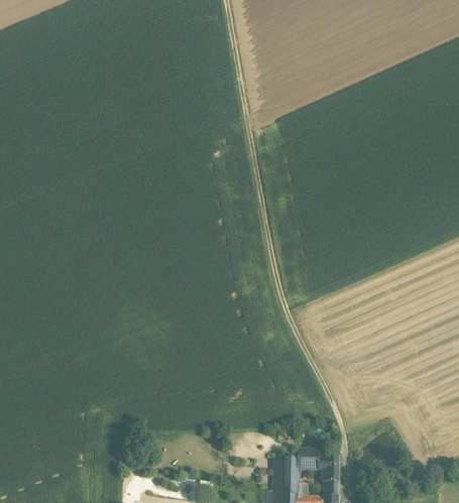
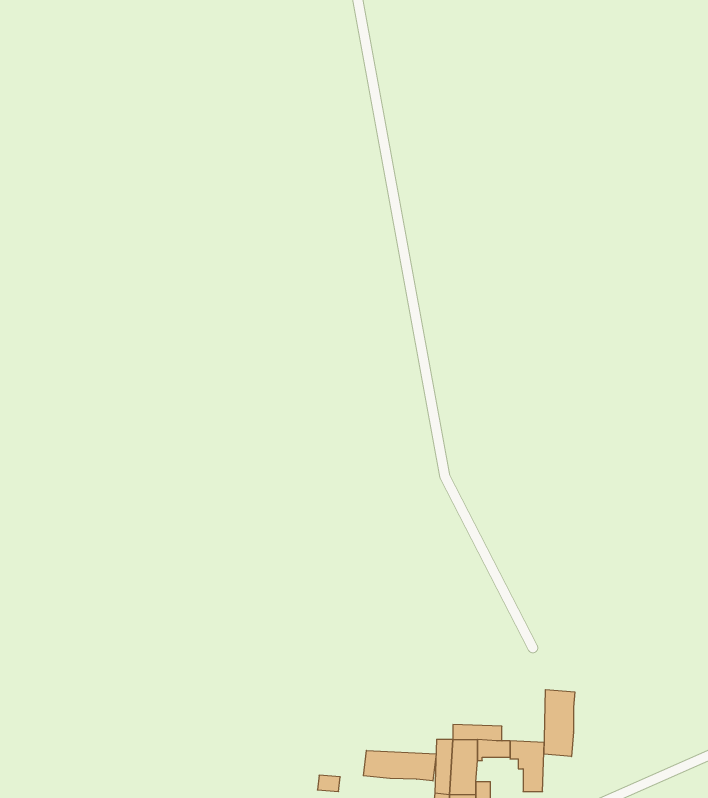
building: none -> [544,690,575,757]
building: none -> [363,750,436,781]

